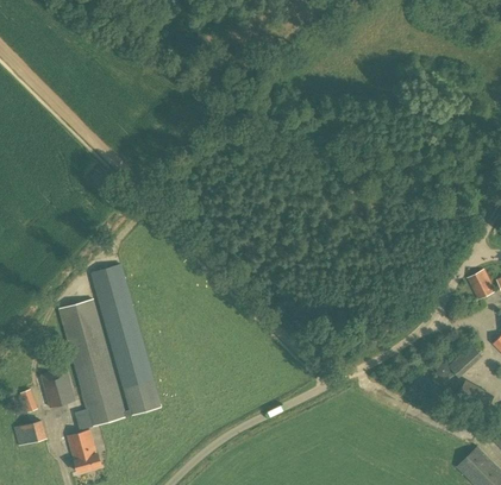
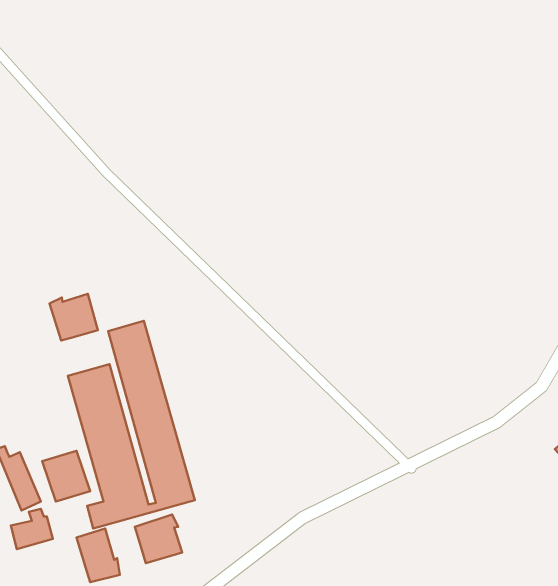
building: none -> [50,294,98,341]
building: none -> [135,514,182,563]

